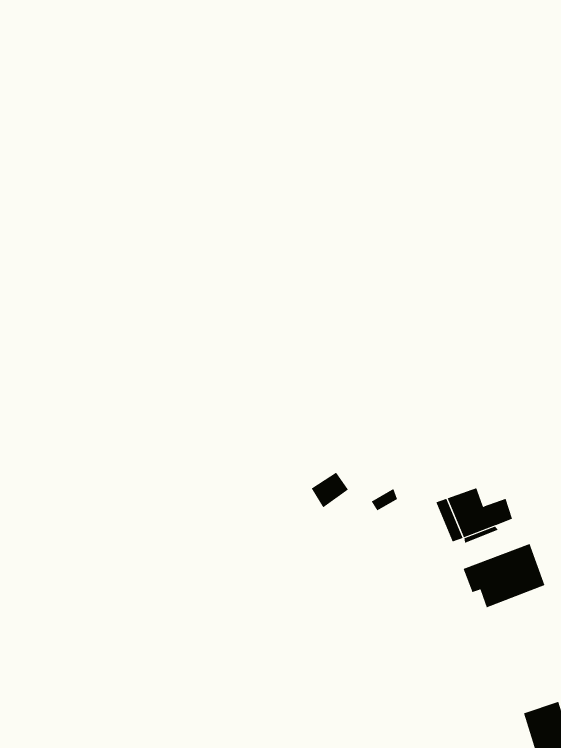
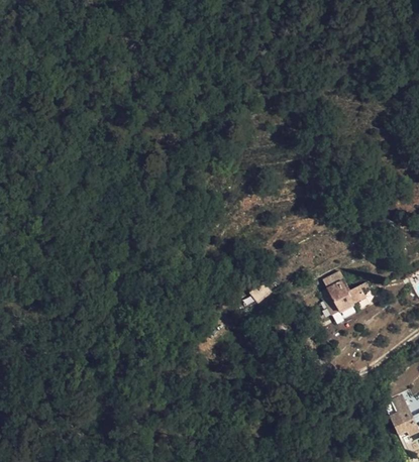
building: [463,543,545,608] -> none

